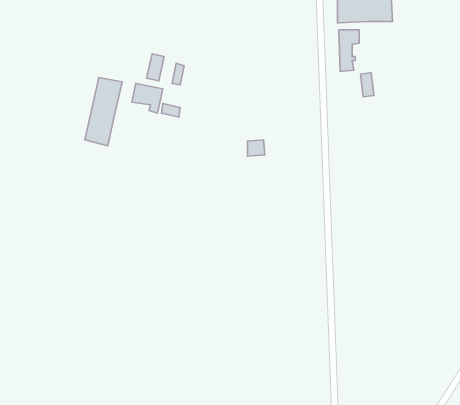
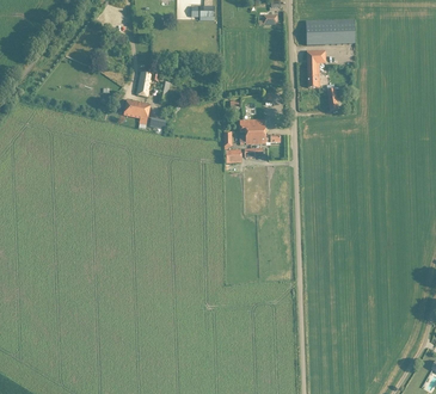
building: [85,78,122,146] -> none
building: none -> [239,118,280,142]

